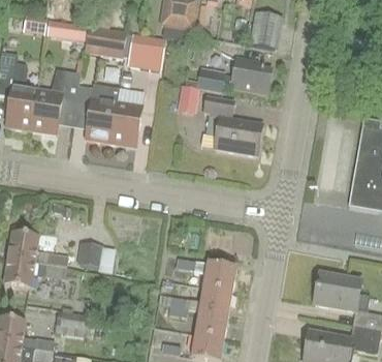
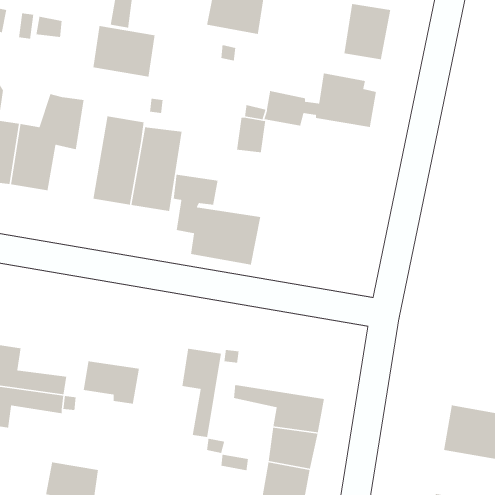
building: [129,33,167,70] -> none
building: [204,95,262,155] -> [173,174,261,265]
building: none -> [181,348,222,438]

